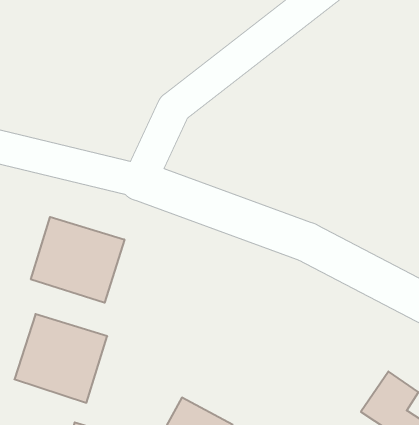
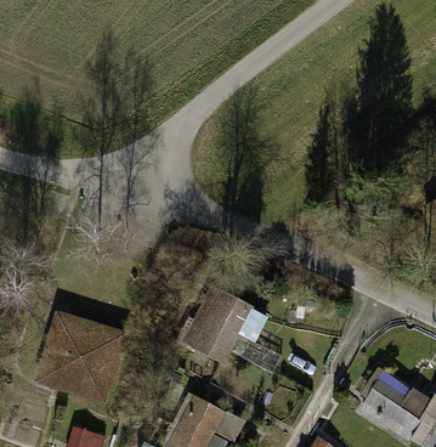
building: [31,217,124,303] -> none
building: none -> [181,287,250,362]

